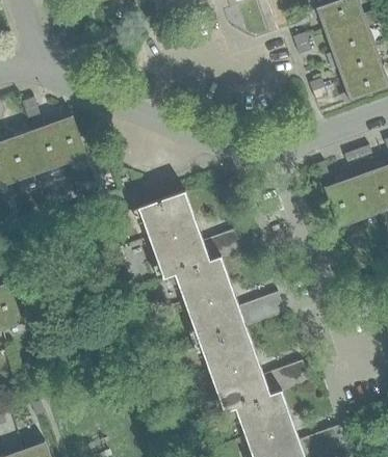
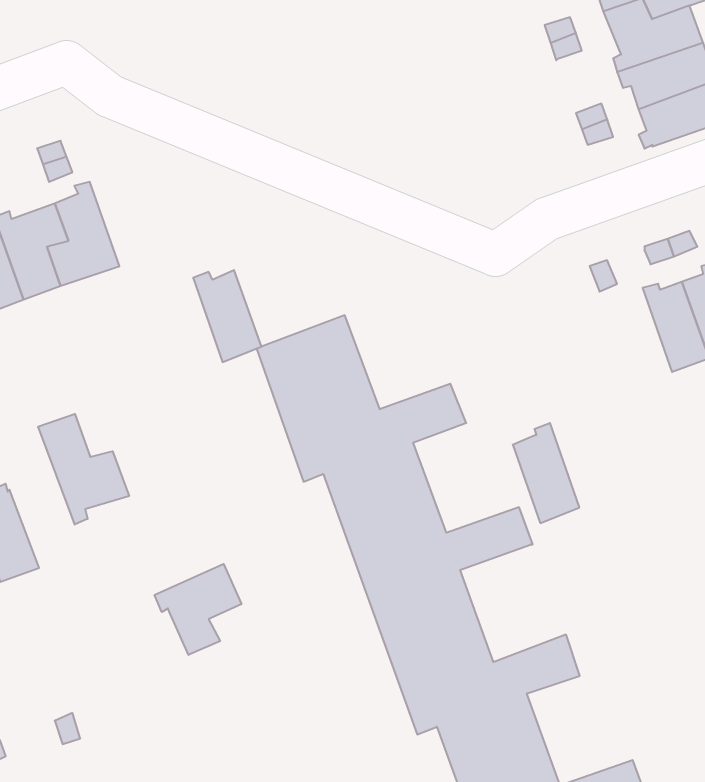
building: [50,115,86,164] -> [193,270,262,362]
building: [324,176,359,228] -> [513,423,579,523]
building: none -> [38,414,129,525]
building: none -> [155,564,241,655]

